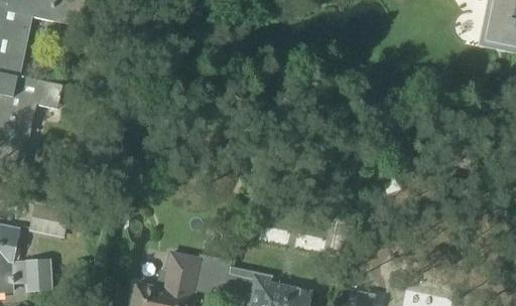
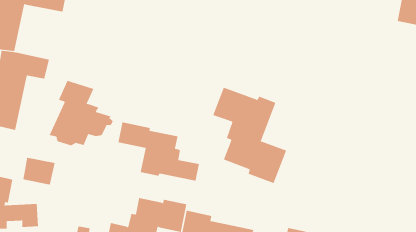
building: none -> [49,78,114,146]
building: none -> [213,87,287,184]
building: none -> [118,122,200,182]

